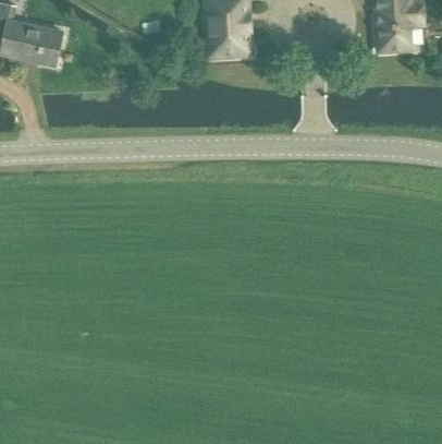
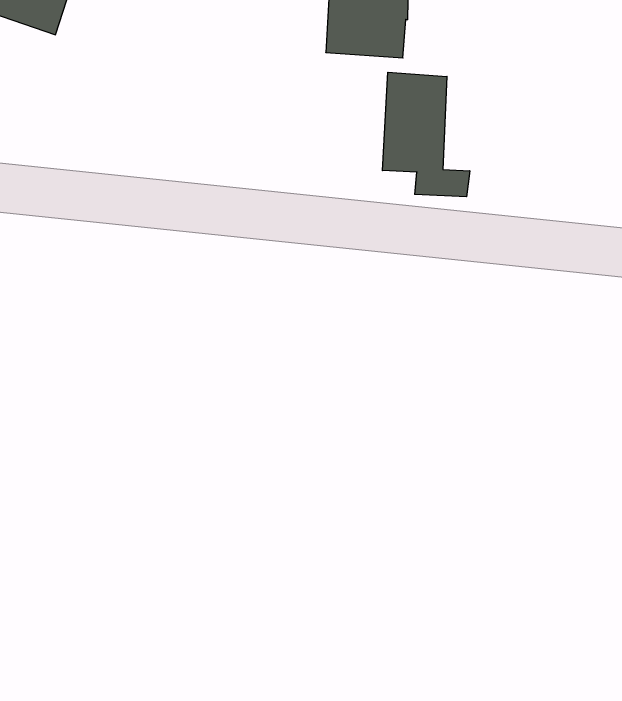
building: none -> [382,72,470,197]

